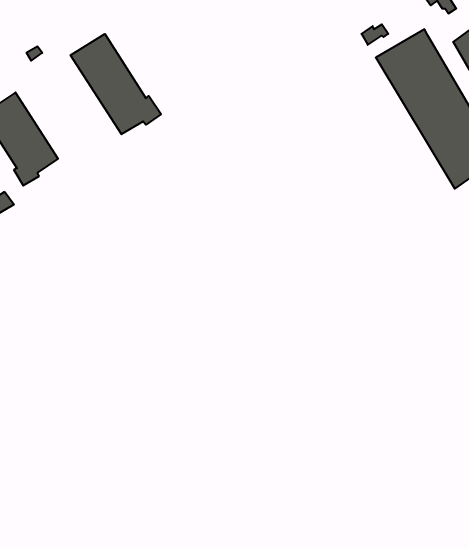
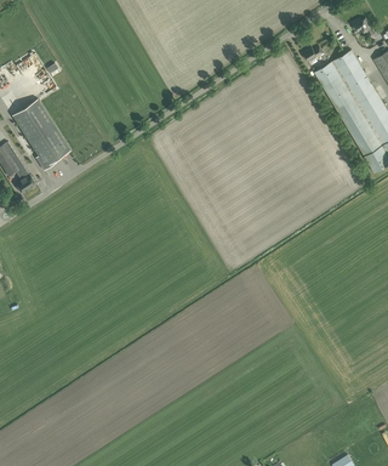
building: [71,34,161,134] -> none

